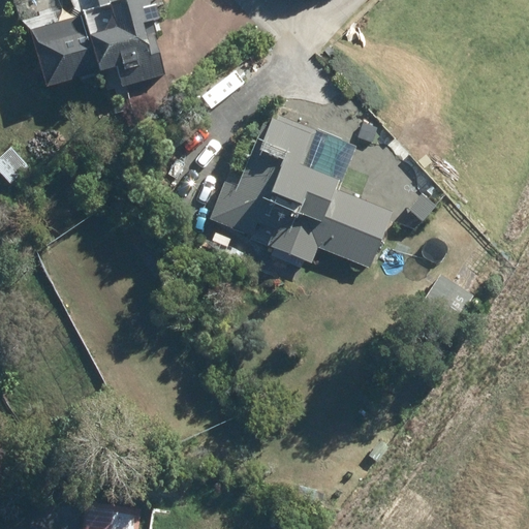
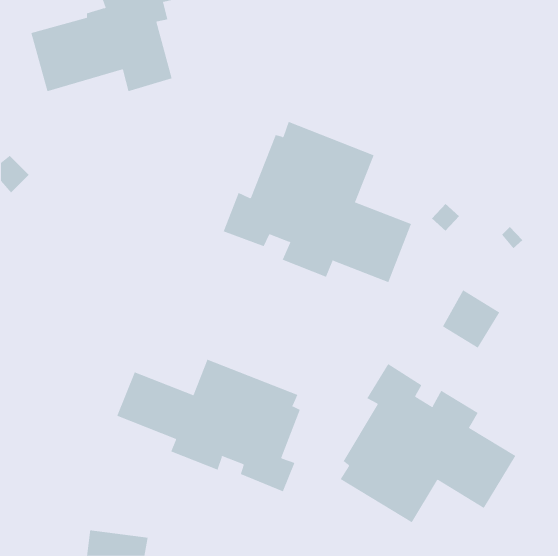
building: none -> [117,359,301,492]
building: none -> [340,363,516,523]

